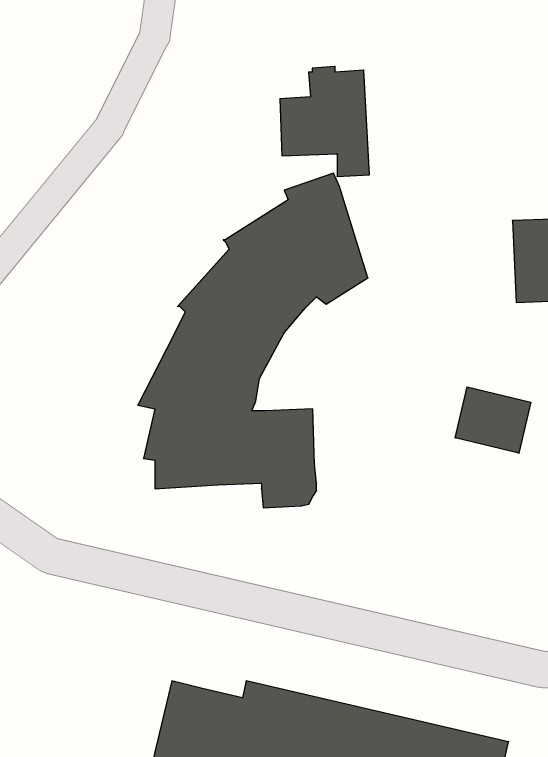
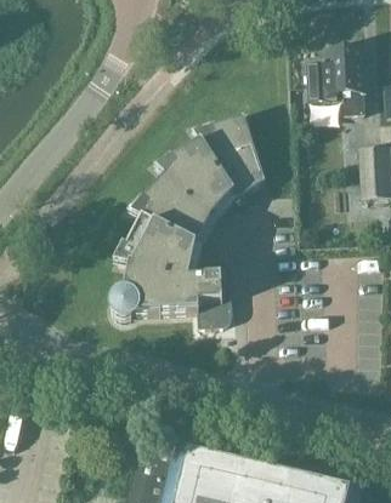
building: [280,66,369,177] -> [305,46,362,116]
building: [455,387,531,453] -> none

